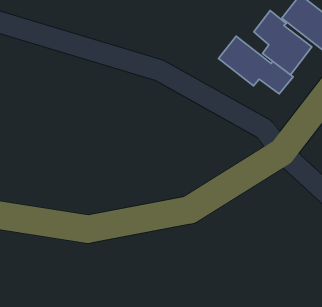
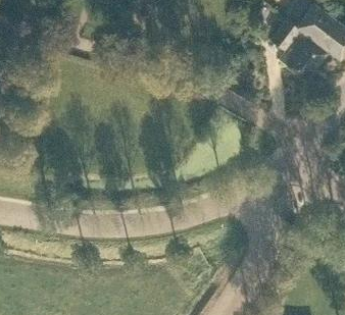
building: [219,36,293,94] -> none

